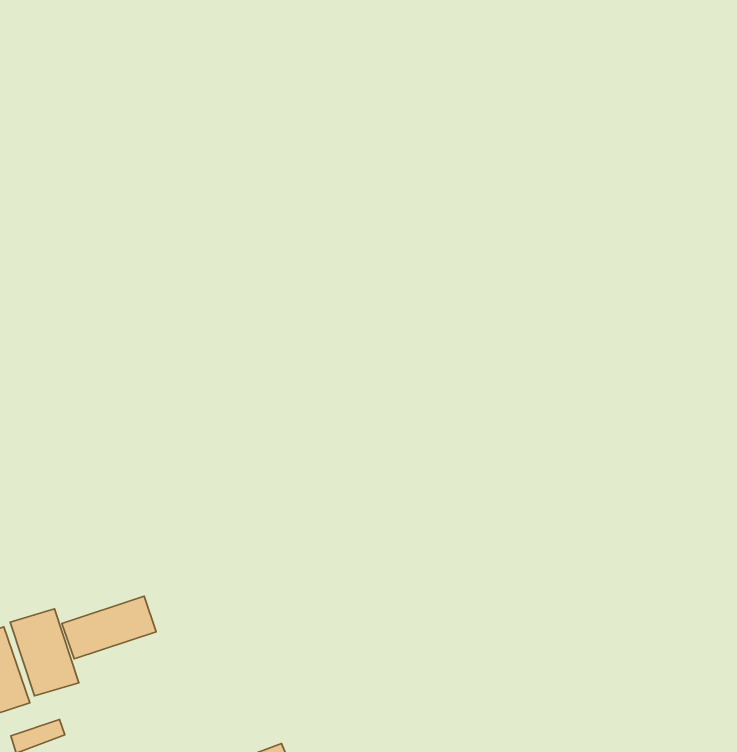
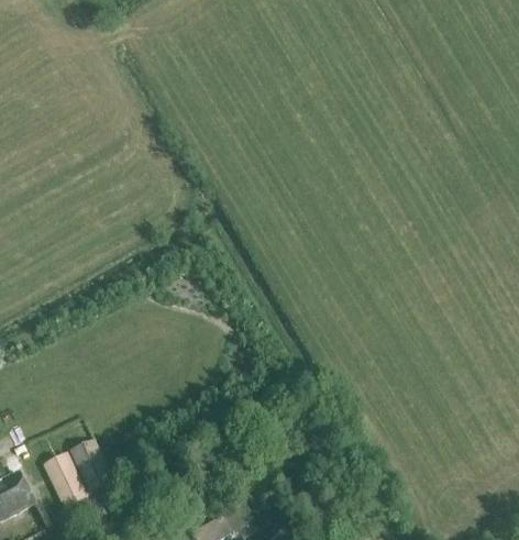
building: [62,596,156,659] -> none

